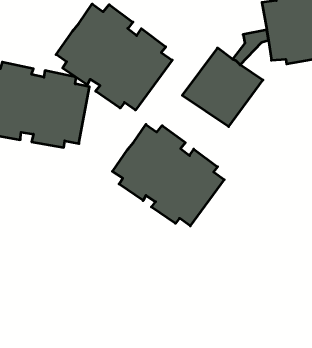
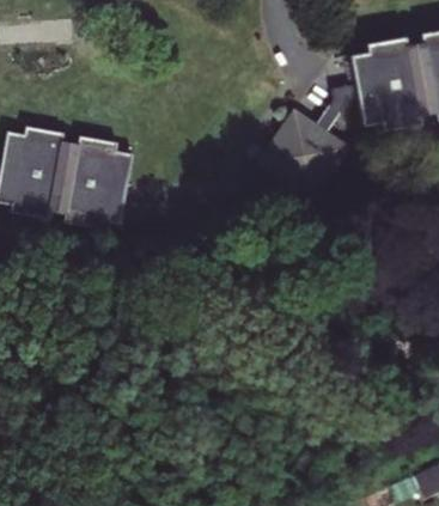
building: [56,4,172,110] -> none
building: [112,124,224,226] -> none

